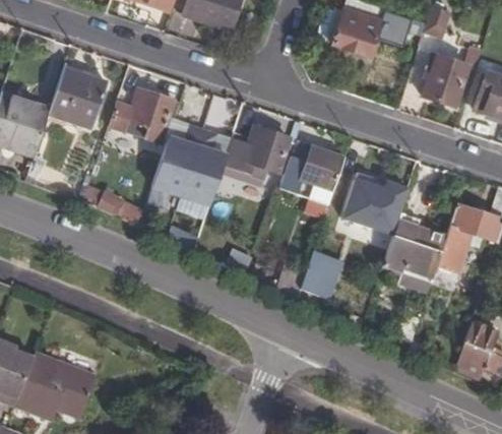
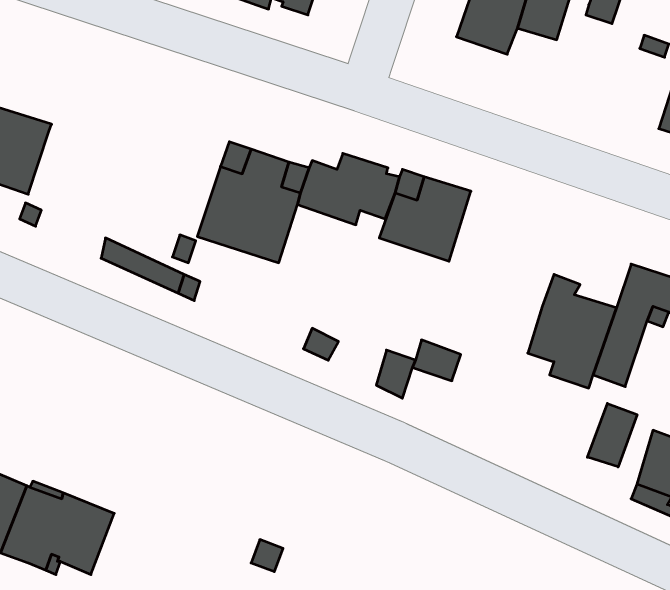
building: [424,53,468,107] -> none
building: [49,68,108,127] -> none
building: [112,76,175,142] -> none
building: [341,178,410,234] -> none
building: none -> [587,403,637,467]

